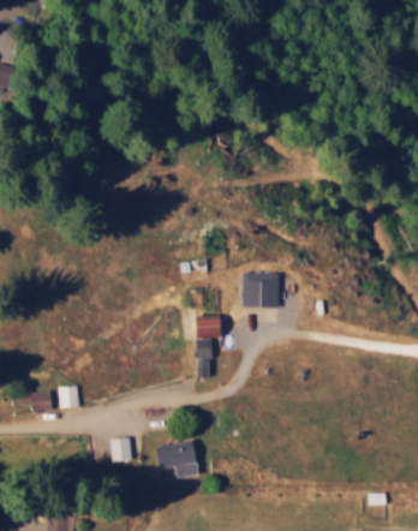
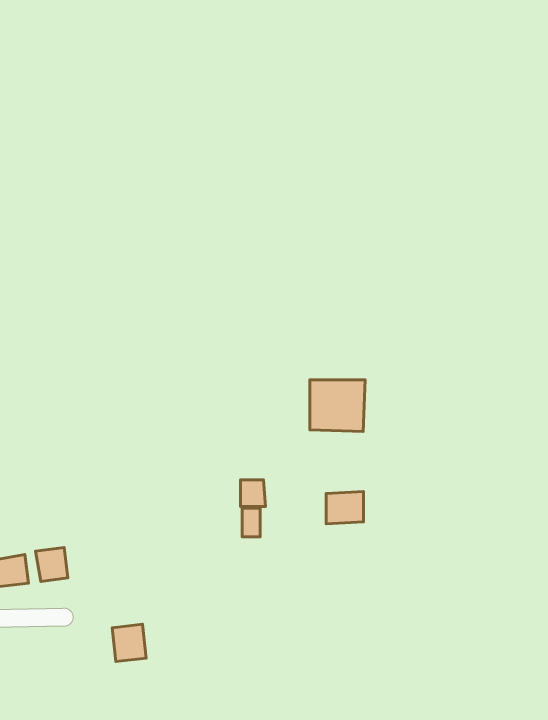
building: [196,317,221,339] -> [326,492,364,524]
building: [155,442,197,472] -> none

